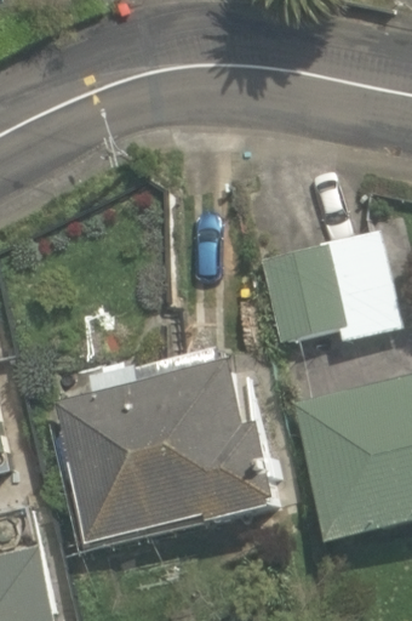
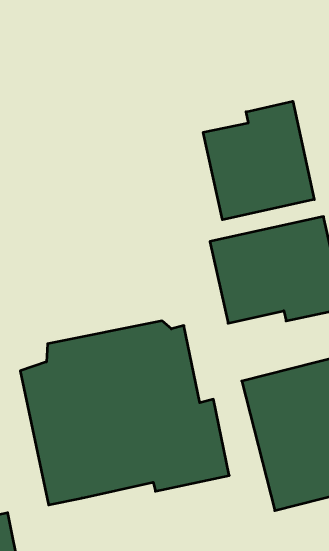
building: none -> [203,101,314,220]

